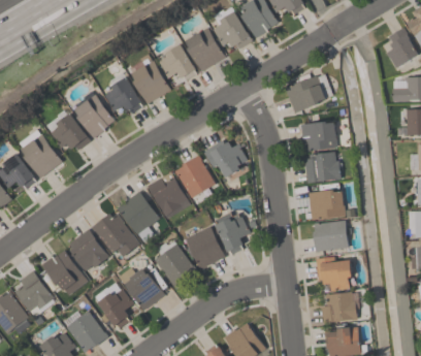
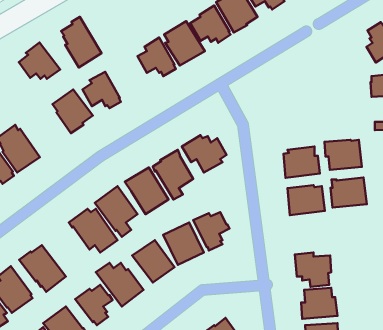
building: [130,54,170,104] -> [61,17,102,68]
building: [285,73,332,114] -> none
building: [50,114,91,150] -> [19,42,60,79]
building: [300,122,337,152] -> [324,140,362,170]
building: [313,221,349,251] -> [330,177,367,207]
building: [68,228,108,271] -> none

